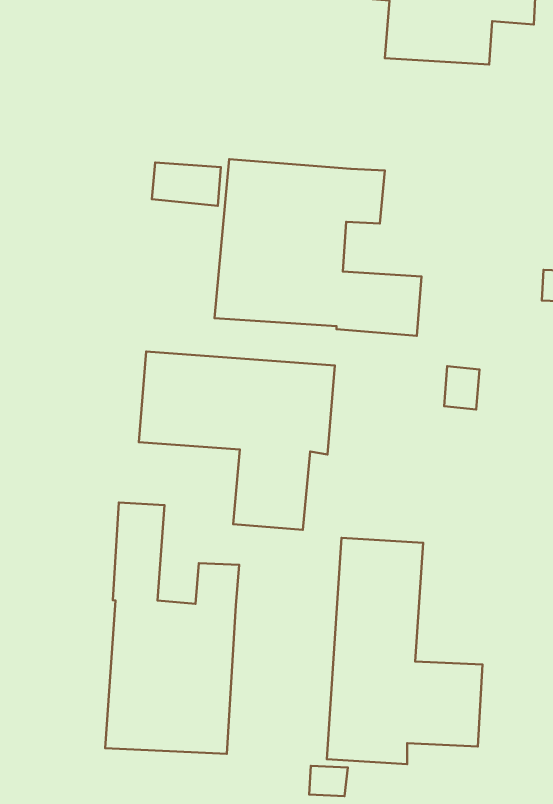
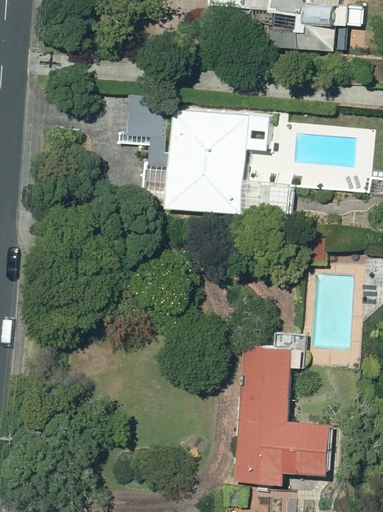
building: [139,351,335,530] -> none
building: [105,503,239,754] -> none

